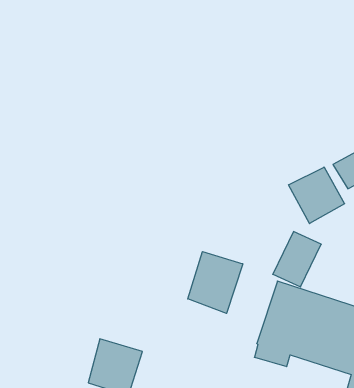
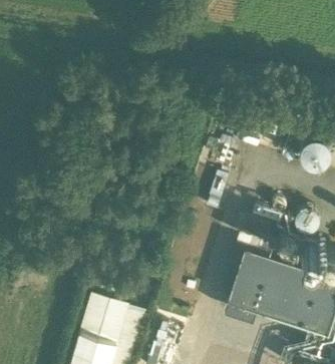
building: [289,167,345,224] -> none
building: [188,252,243,313] -> none

